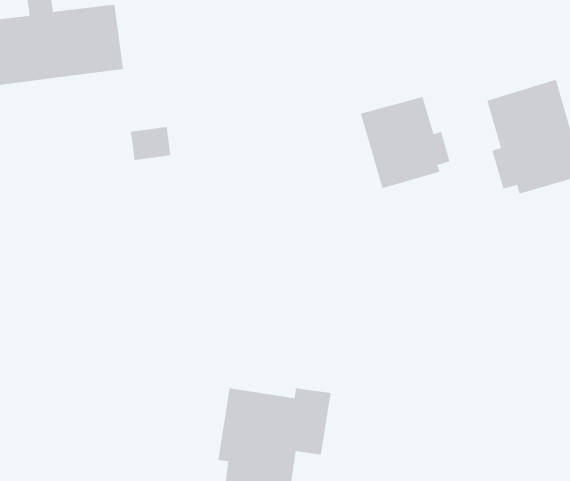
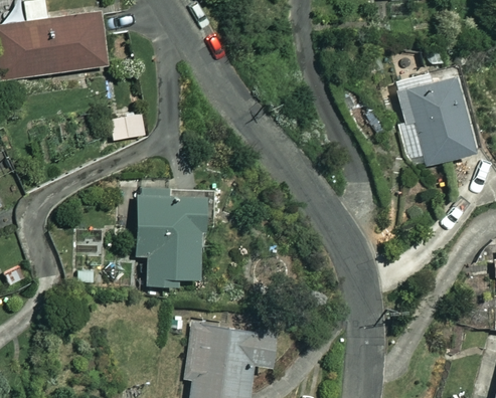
building: [360,96,450,189] -> none
building: none -> [138,192,214,286]

